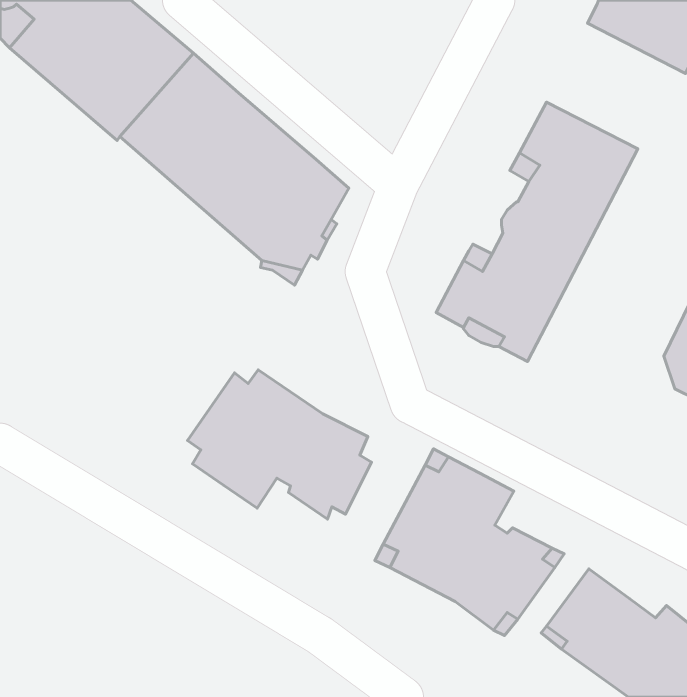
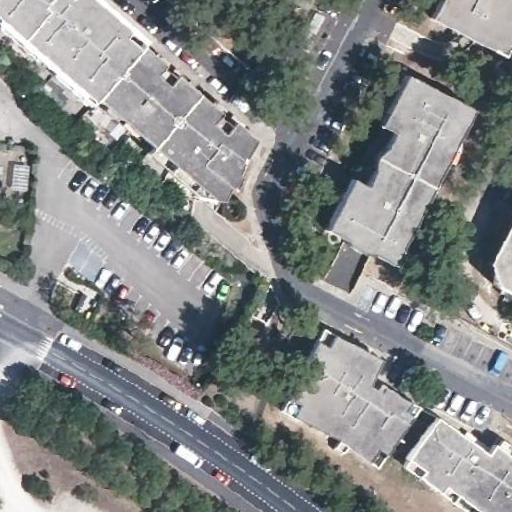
building: [188,370,371,519] -> none

